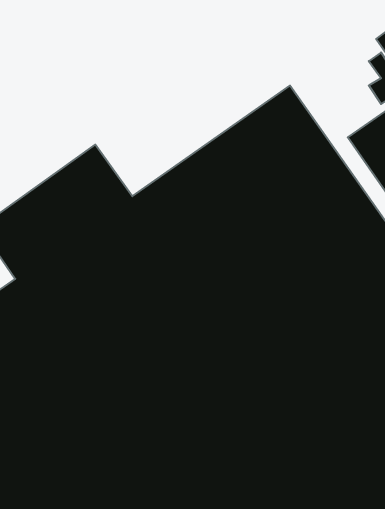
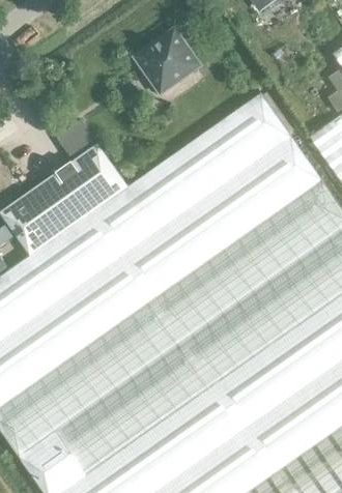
building: none -> [135,29,201,95]

